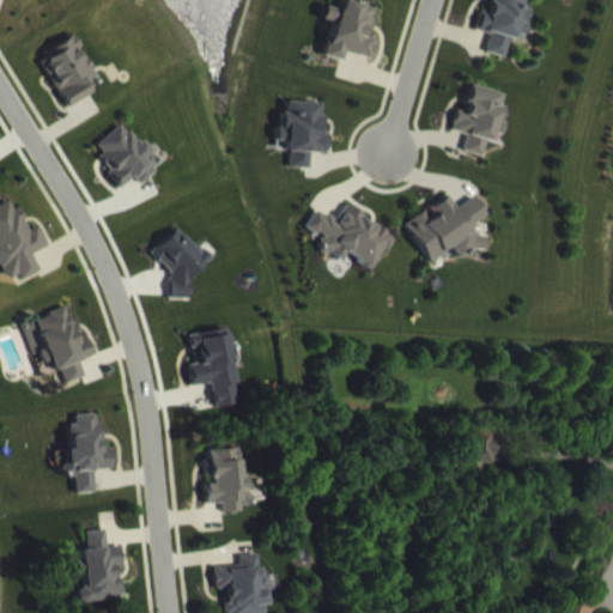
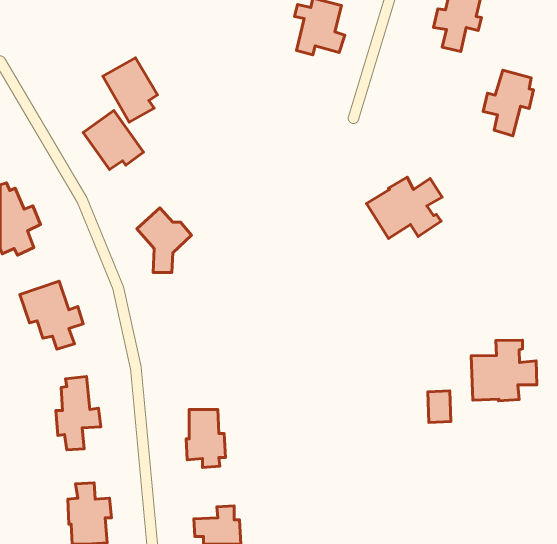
building: [40,36,99,107] -> [103,58,157,122]
building: [451,84,506,156] -> [483,70,533,136]
building: [278,99,328,168] -> none
building: [305,206,393,268] -> none
building: [189,327,238,406] -> none
building: none -> [471,340,537,401]

